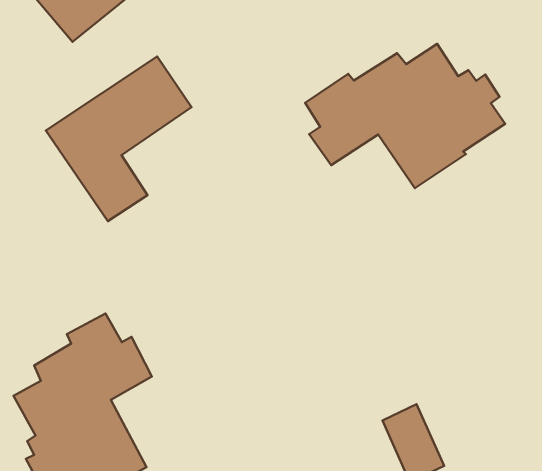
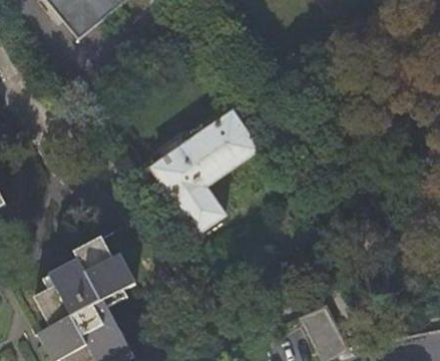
building: [305,44,505,188] -> none
building: [46,56,191,221] -> [149,110,256,231]

